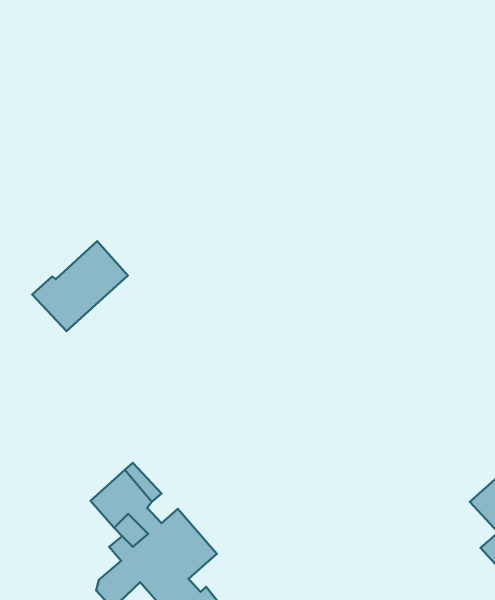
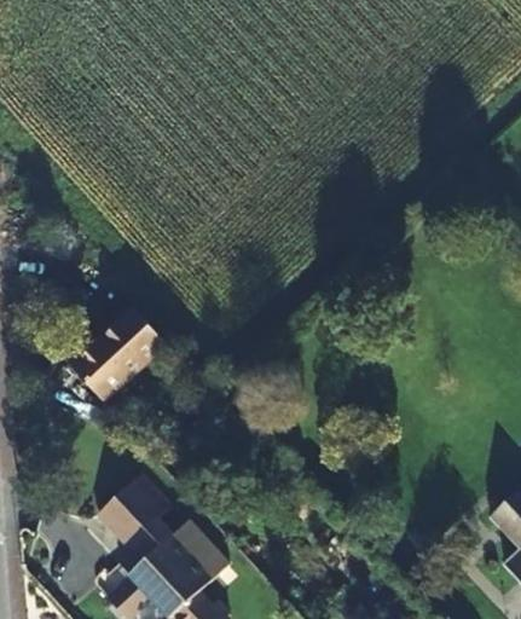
building: [32,241,128,331] -> [68,310,166,401]

